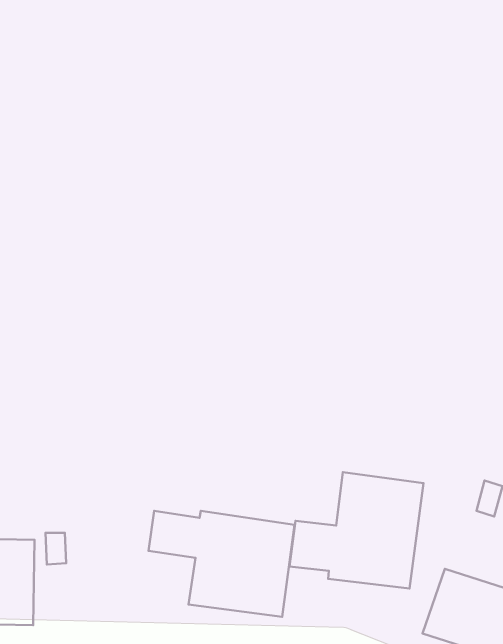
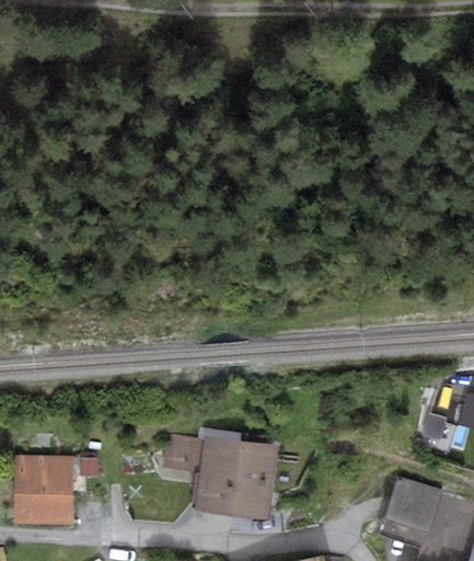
building: [290,472,424,588] -> none

